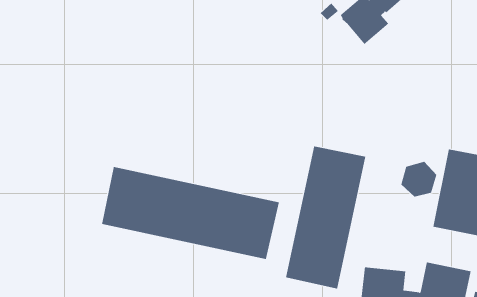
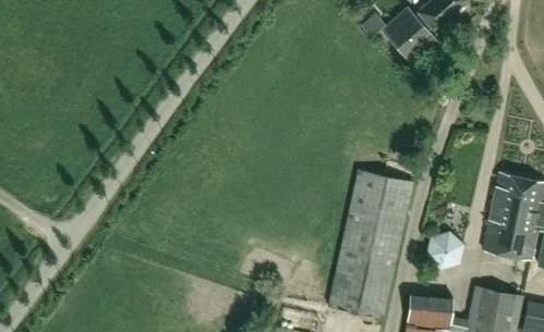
building: [400,161,437,197] -> [426,230,464,267]
building: [101,166,280,260] -> none

